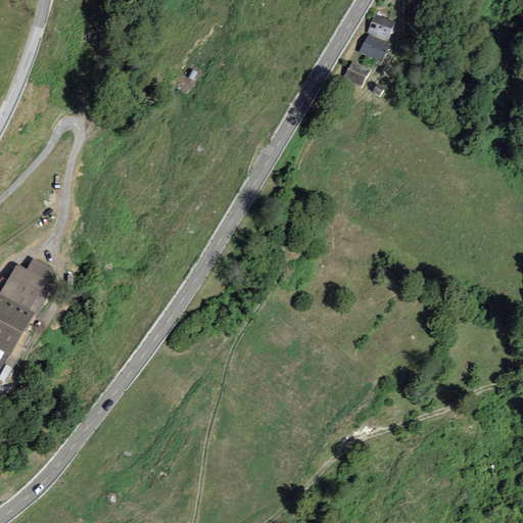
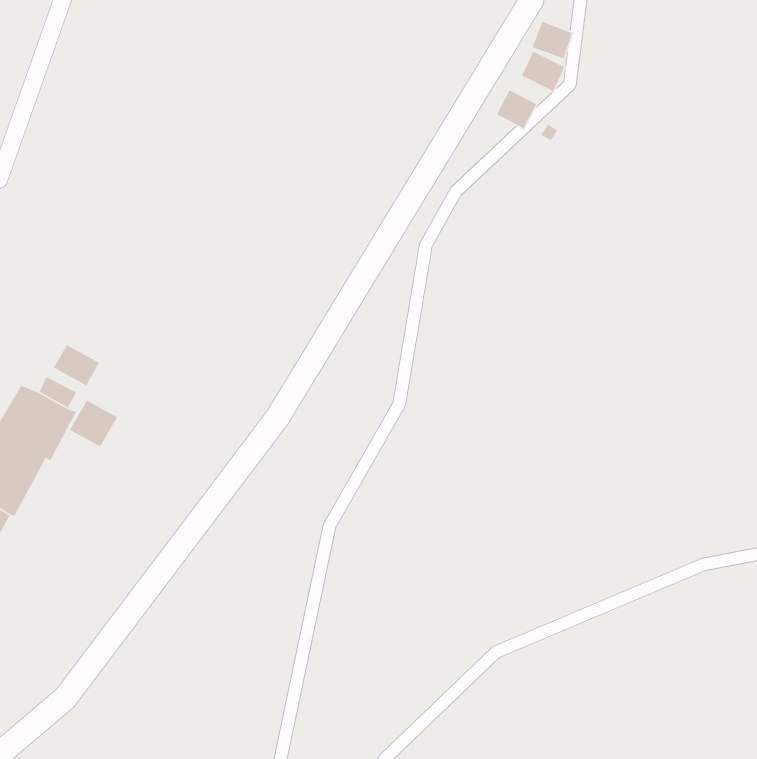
building: none -> [53,344,100,386]
building: none -> [69,400,118,448]

